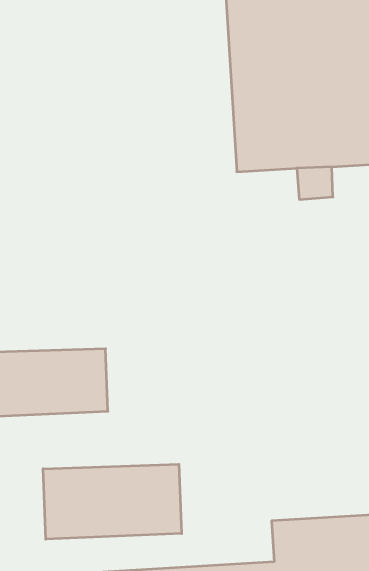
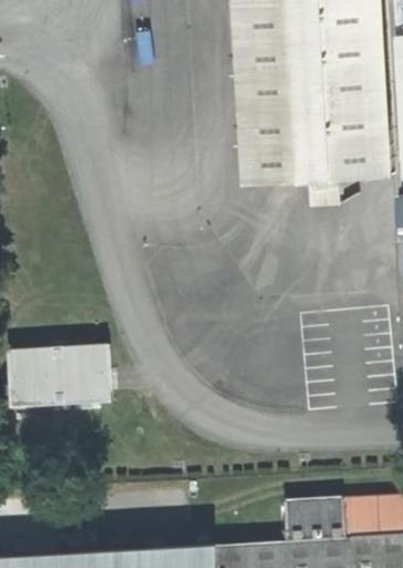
building: [43,464,182,539] -> none

